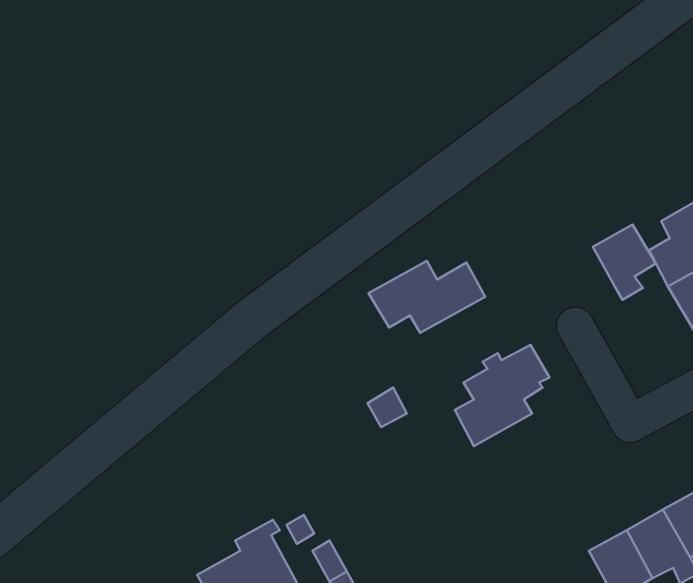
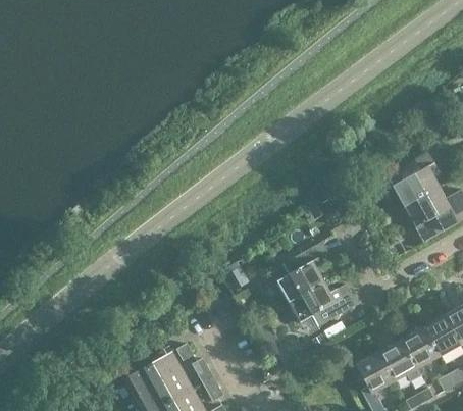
building: [593,225,656,300] -> none
building: [369,261,485,333] -> [289,284,358,326]

